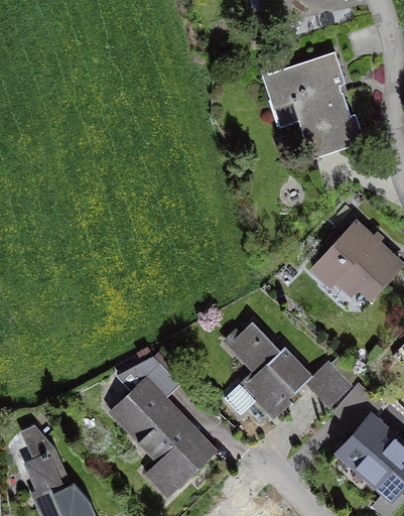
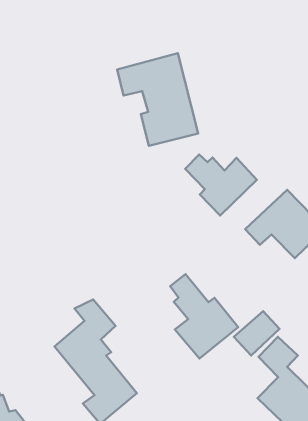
building: [268,53,362,157] -> [117,53,198,146]
building: none -> [185,155,257,215]

